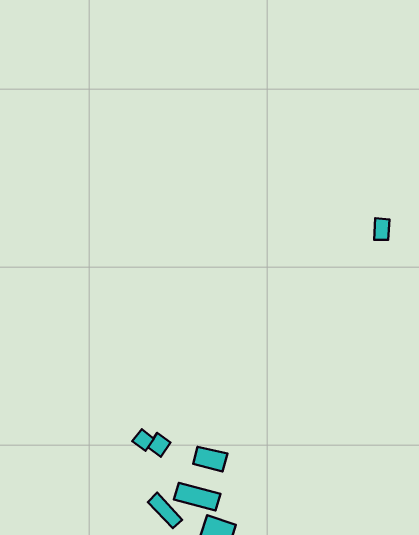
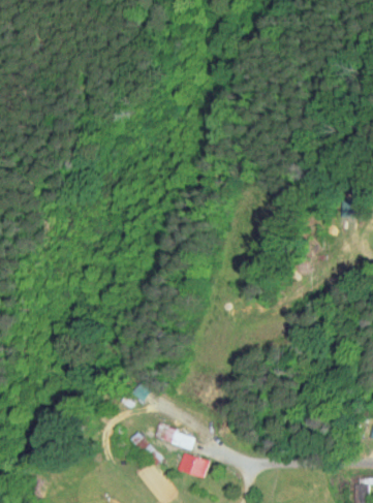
building: [193,447,228,472] -> none

